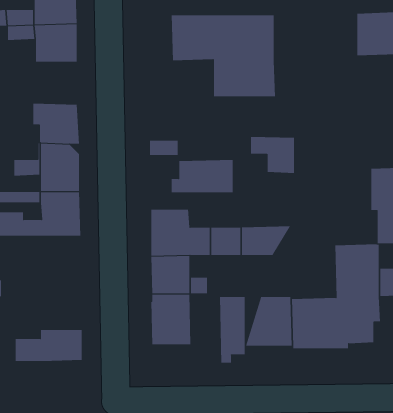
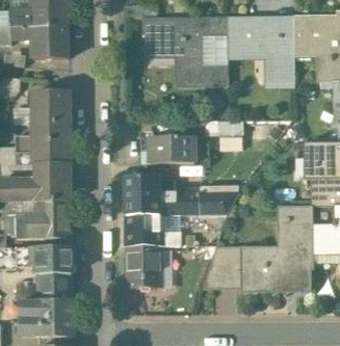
building: none -> [228,18,295,84]
building: none -> [17,198,71,237]
building: [220,296,245,363] -> none
building: none -> [16,248,72,274]
building: none -> [20,299,73,336]

